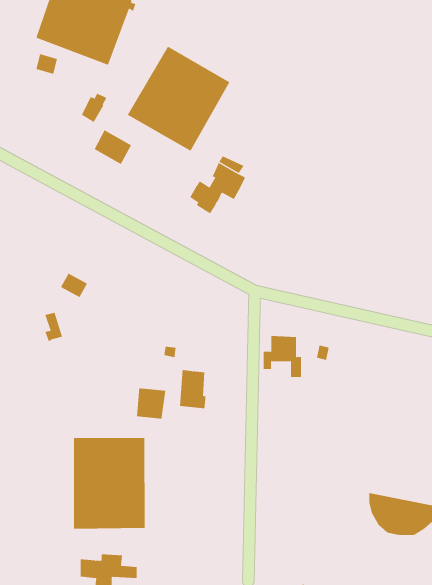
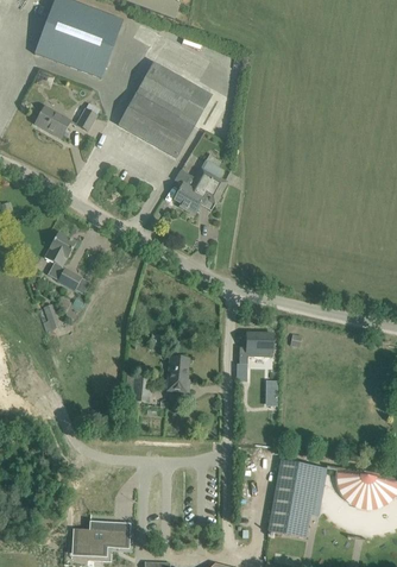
building: [94,129,132,165] -> [36,106,70,138]
building: none -> [44,232,76,266]
building: [73,437,145,530] -> none
building: none -> [269,460,320,537]

